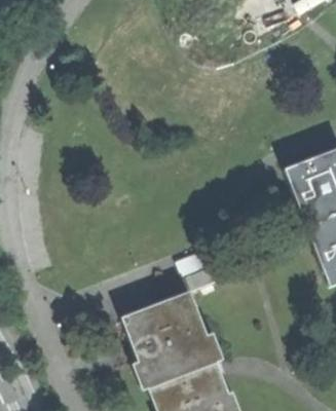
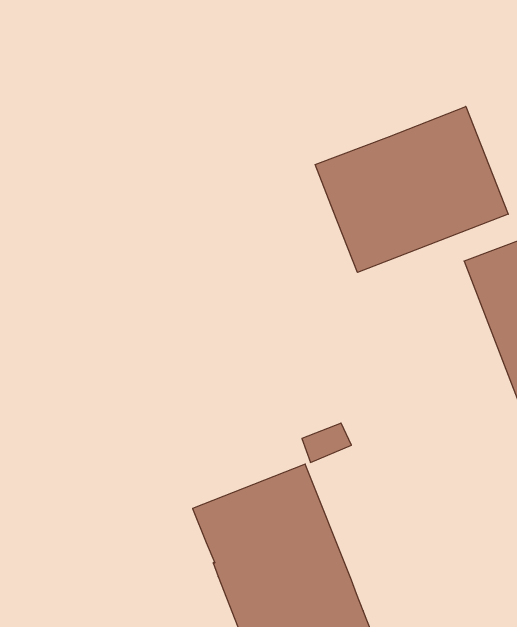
building: none -> [315,106,508,272]

